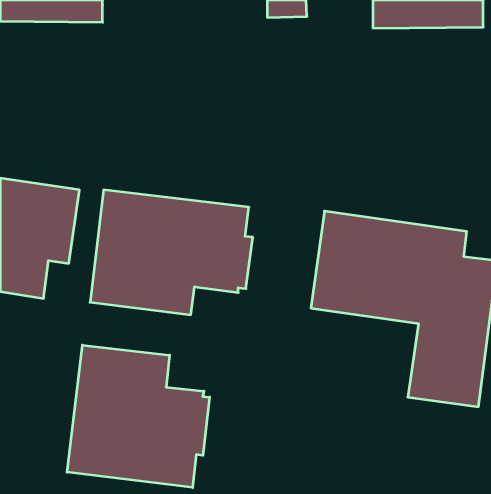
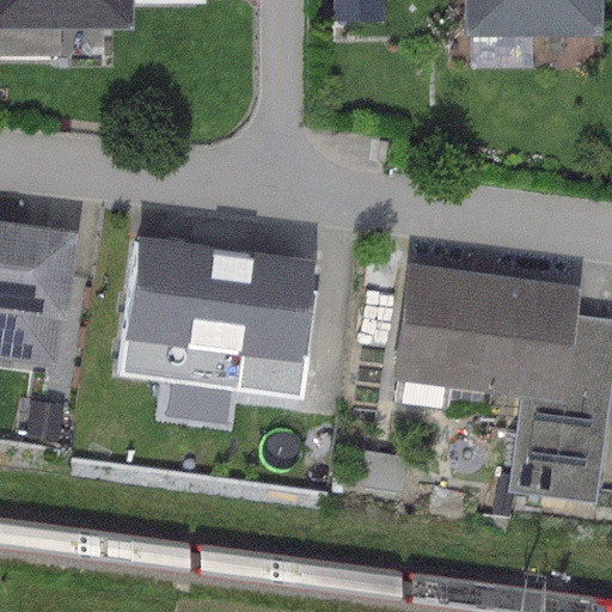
building: [67,345,210,488] -> none

